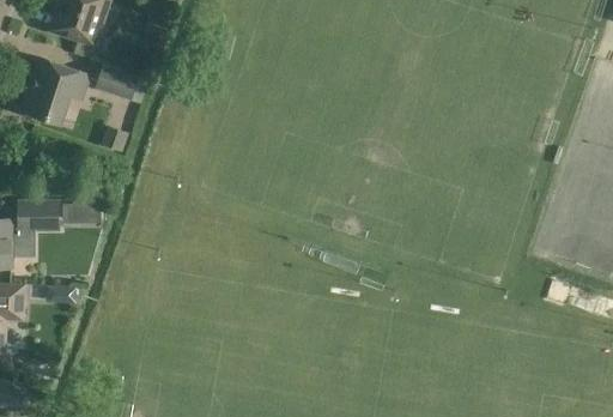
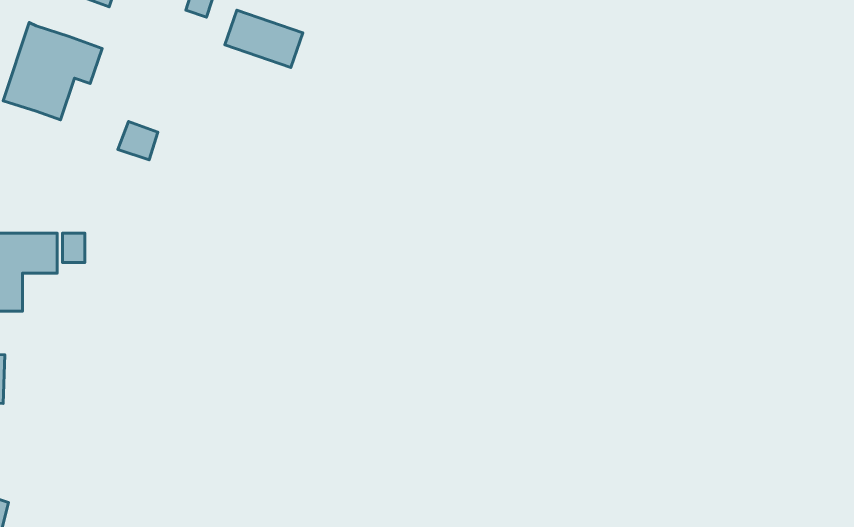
building: [95,64,148,103] -> [225,10,303,68]

